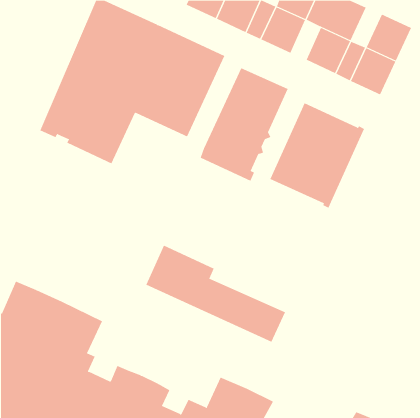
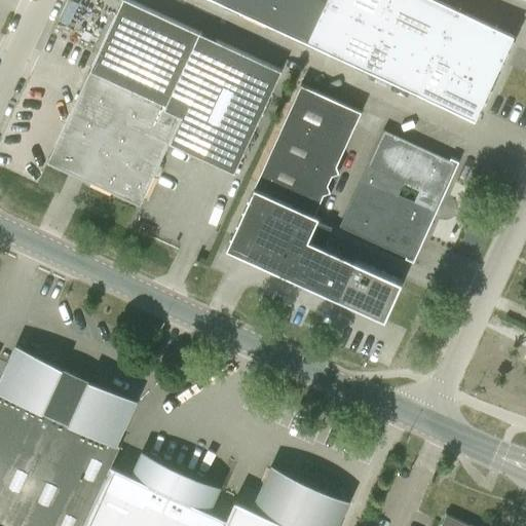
building: none -> [439,11,477,62]
building: none -> [364,27,401,77]
building: [145,245,286,342] -> [227,199,403,322]

